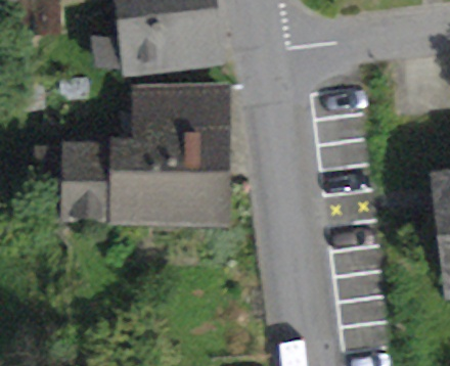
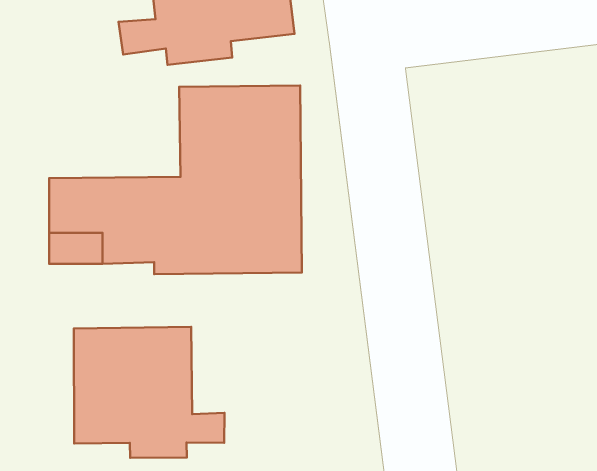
building: none -> [74,327,224,458]

